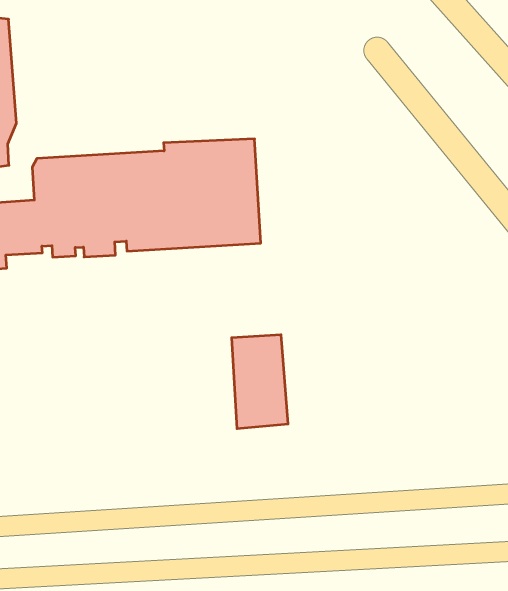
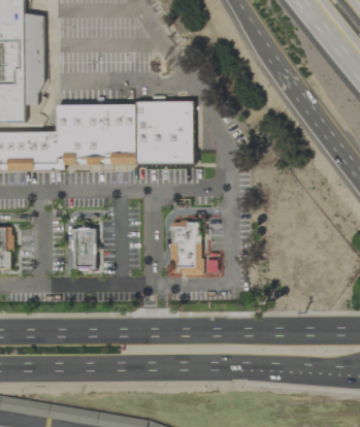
building: none -> [70,225,98,271]

